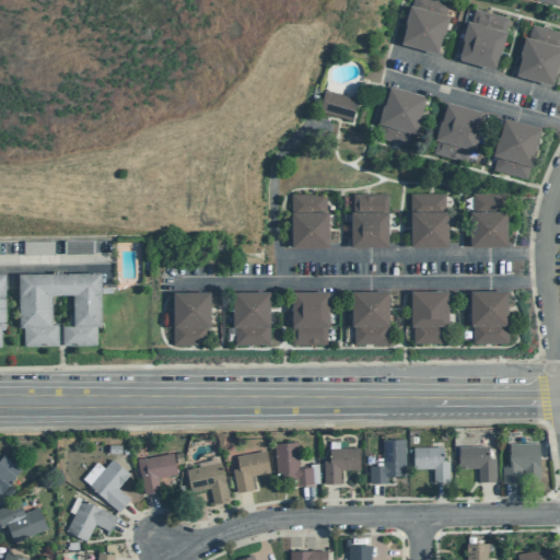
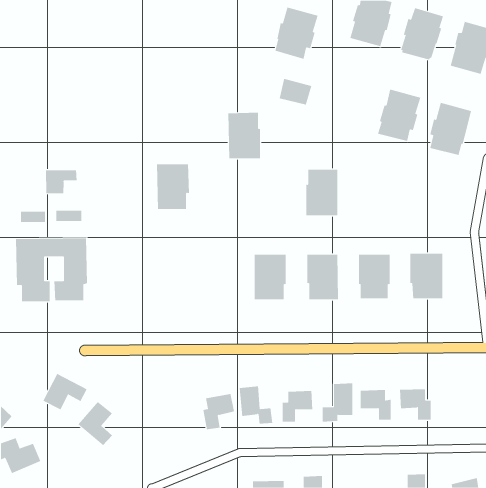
building: [377,86,428,147] -> [275,7,318,59]
building: [292,194,330,247] -> [227,112,261,159]
building: [412,194,450,246] -> none
building: [470,194,509,246] -> none
building: none -> [46,169,77,194]
building: [234,291,271,345] -> none
building: [174,292,212,345] -> [156,164,190,210]
building: [504,443,541,483] -> none
building: [138,453,178,494] -> none
building: [188,462,231,504] -> none
building: [67,499,118,541] -> [43,373,88,410]

